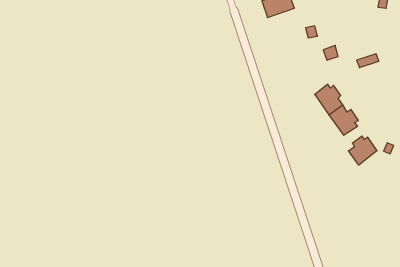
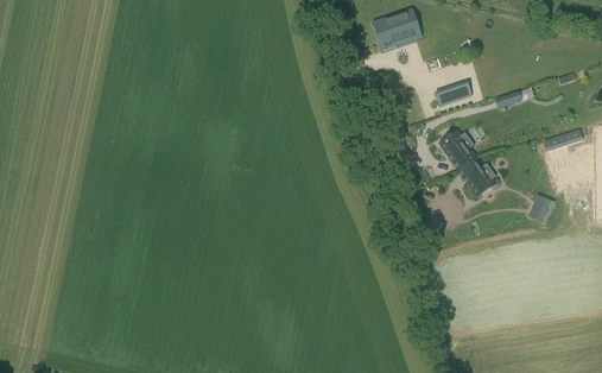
building: [348,136,377,165] -> none

